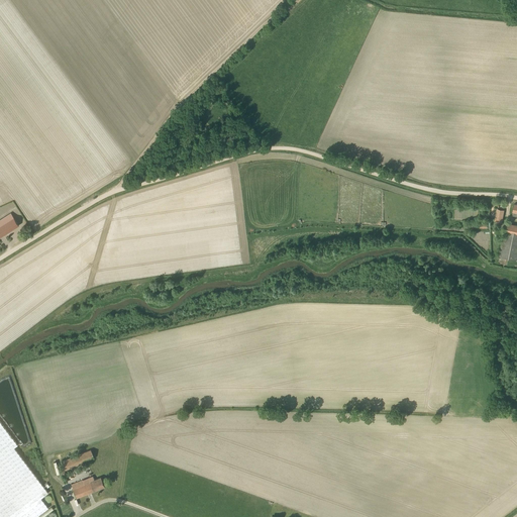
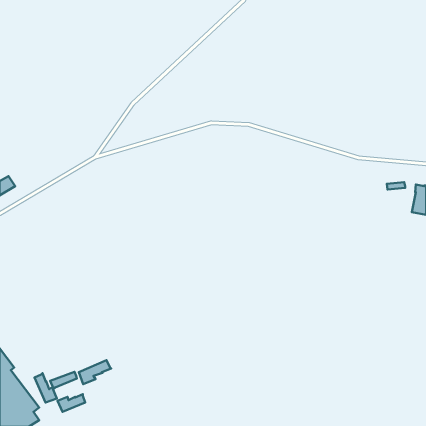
building: none -> [79,360,111,384]
building: none -> [35,373,57,403]

